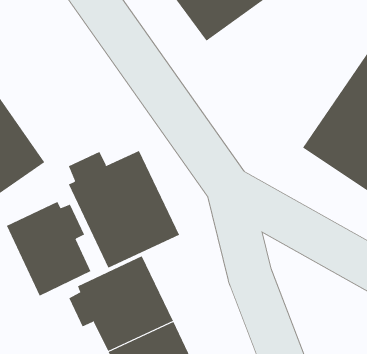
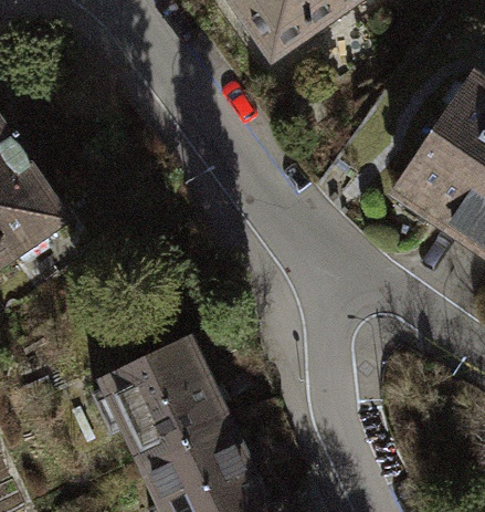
building: [68,150,180,268] -> none
building: [6,201,91,297] -> none

